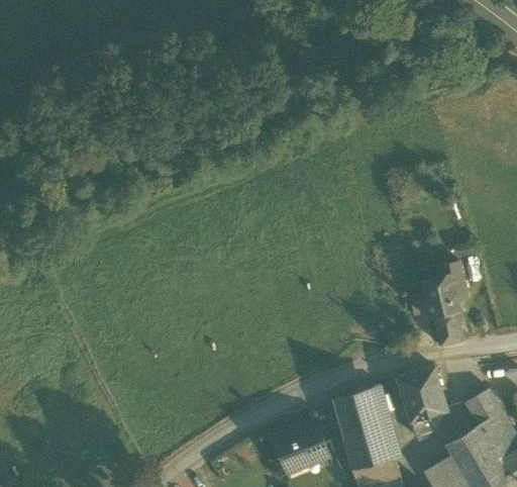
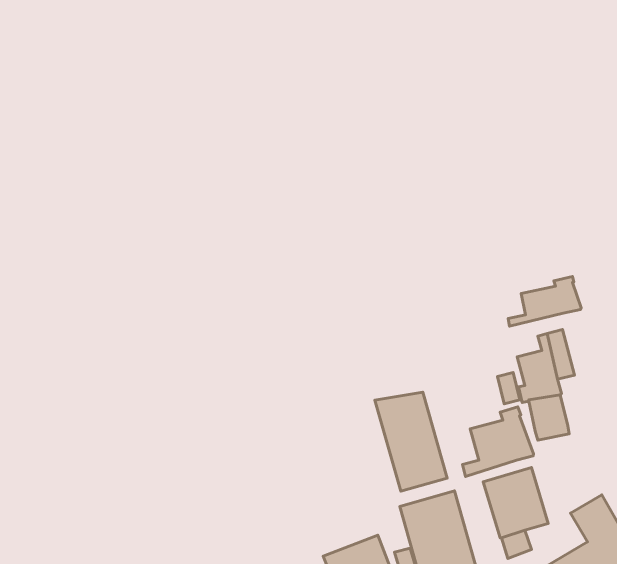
building: none -> [508,277,581,326]
building: none -> [375,392,447,491]
building: none -> [462,407,534,476]

